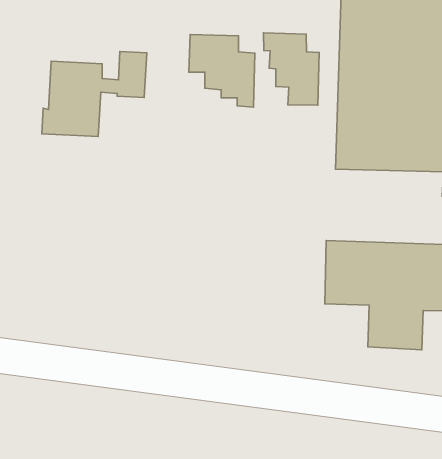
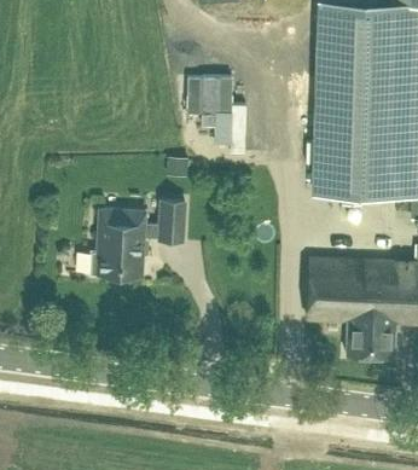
building: [264,33,319,105] -> none
building: [42,52,147,137] -> [89,199,184,275]

